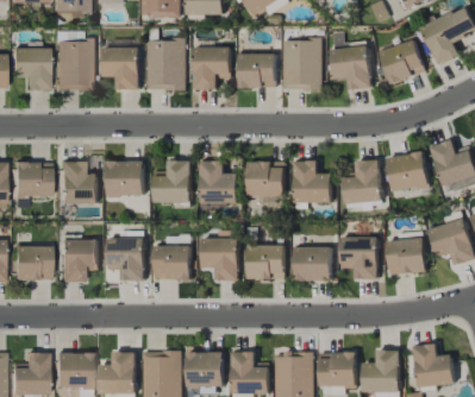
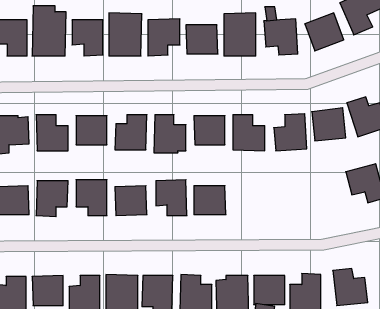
building: [340,238,379,279] -> none
building: [387,238,425,273] -> none
building: [294,246,332,282] -> none

